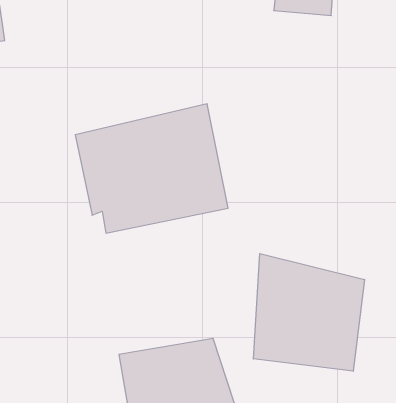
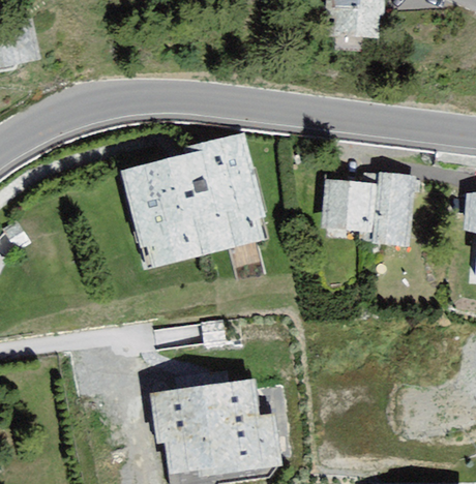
building: none -> [317,175,429,250]
building: [253,254,364,371] -> none

